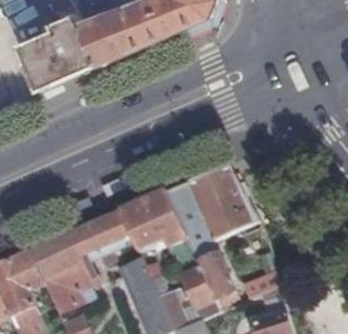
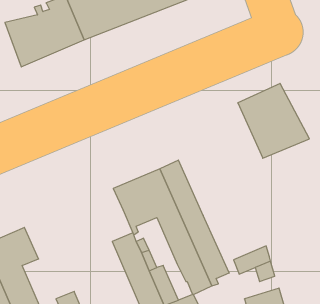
building: [186,165,259,241] -> [238,83,309,158]
building: [29,214,129,315] -> none

